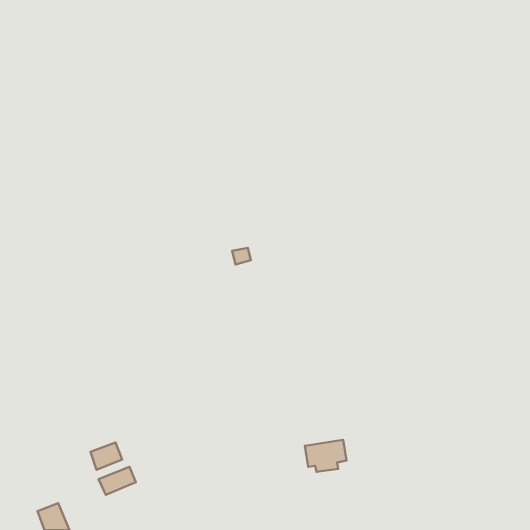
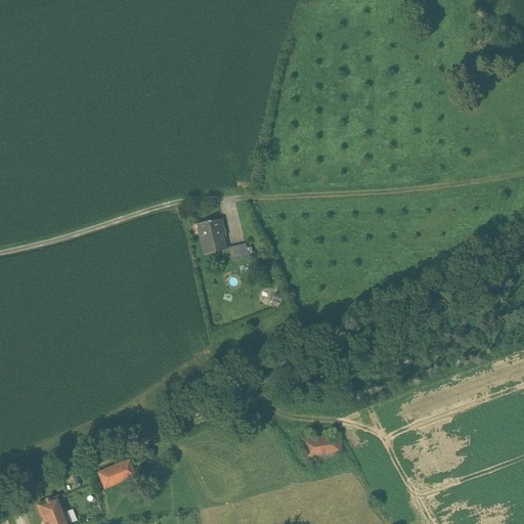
building: none -> [198,219,225,255]
building: [90,442,122,470] -> none

